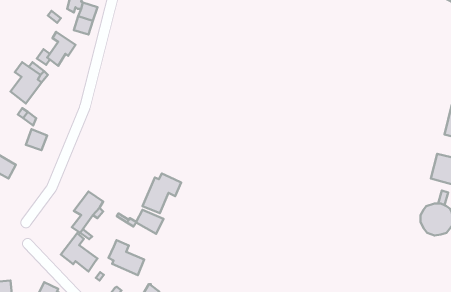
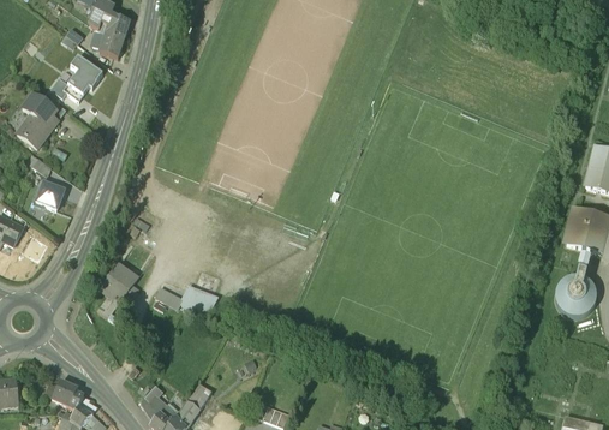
building: [142,173,181,213] -> none
building: [61,233,97,272] -> none
building: [108,240,144,275] -> none

